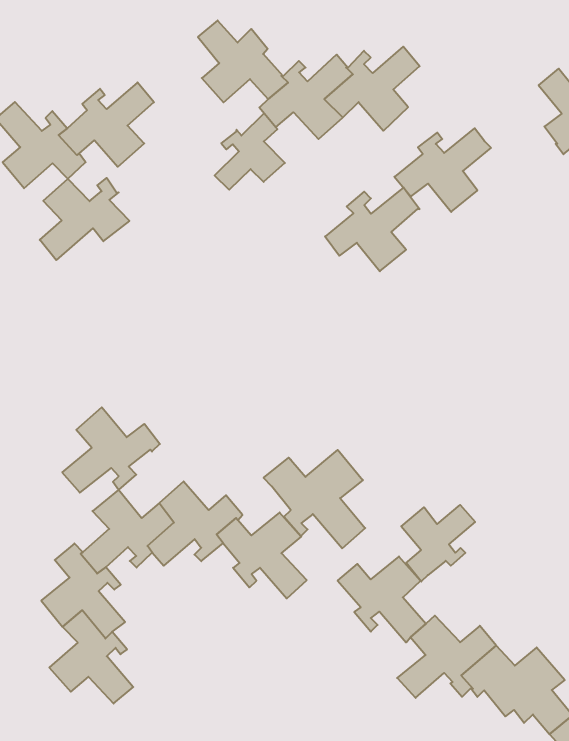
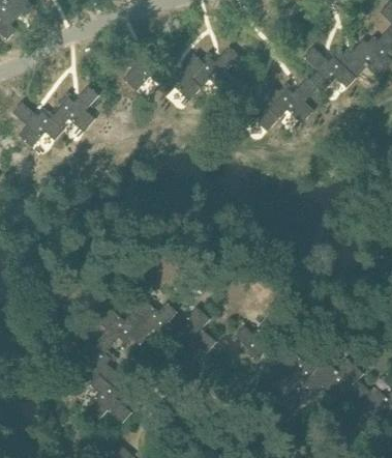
building: [215,113,285,190] -> none
building: [40,178,129,260] -> none
building: [325,187,420,271] -> [269,76,318,122]
building: [62,407,160,493] -> none
building: [264,450,365,548] -> none
building: [401,505,475,582] -> none

